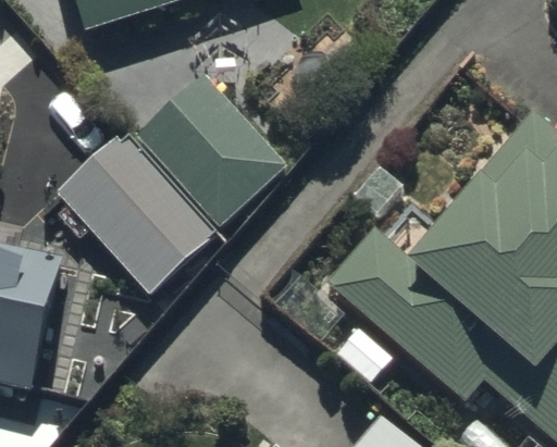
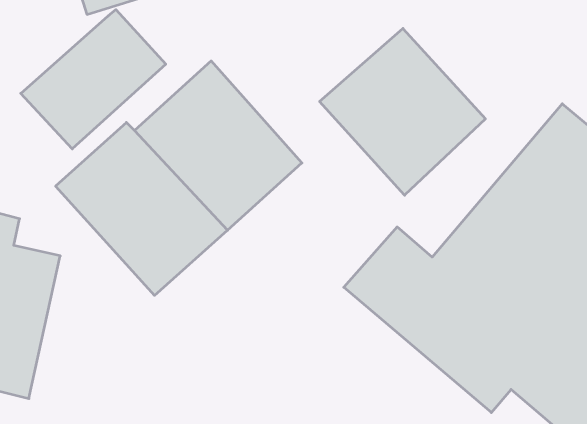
building: none -> [21,10,166,149]
building: none -> [320,28,485,195]

